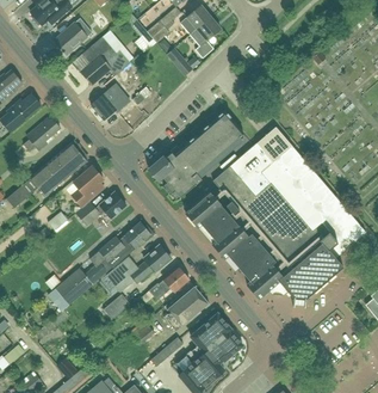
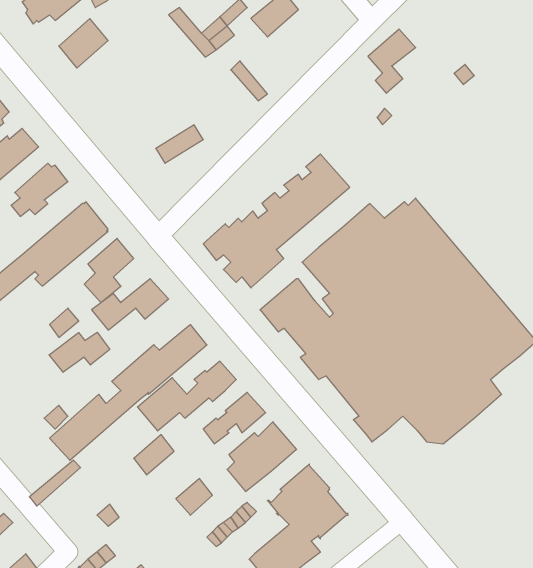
building: [191,16,222,57] -> [368,29,416,93]
building: [81,36,132,84] -> none
building: [92,82,122,119] -> none
building: none -> [49,332,110,372]

